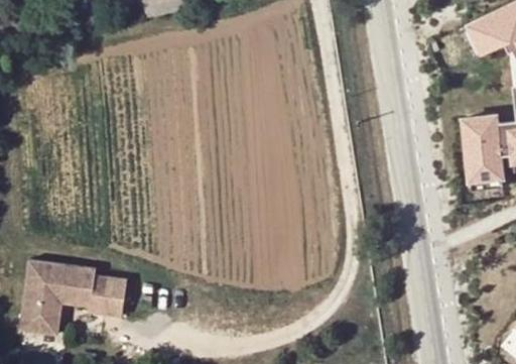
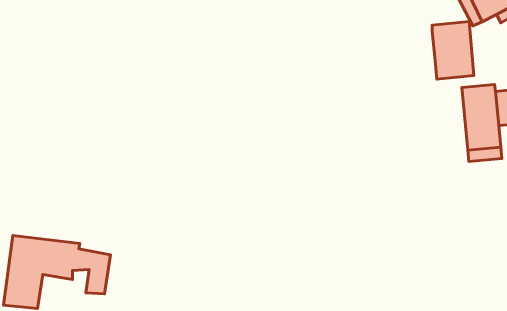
building: none -> [432,22,474,79]

